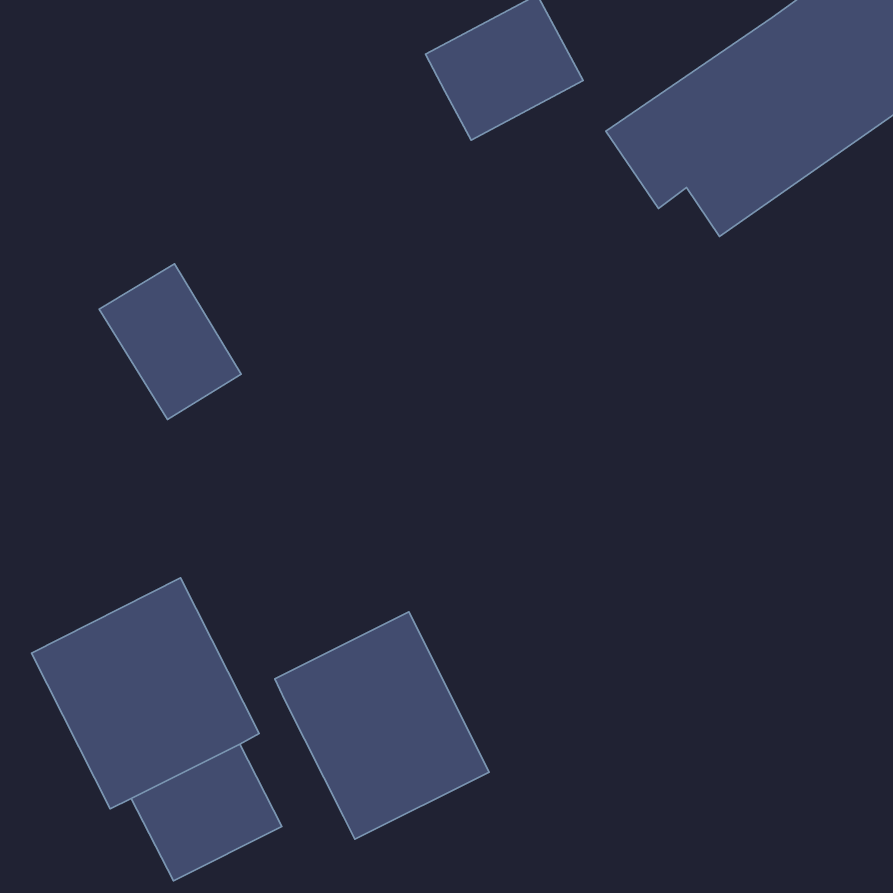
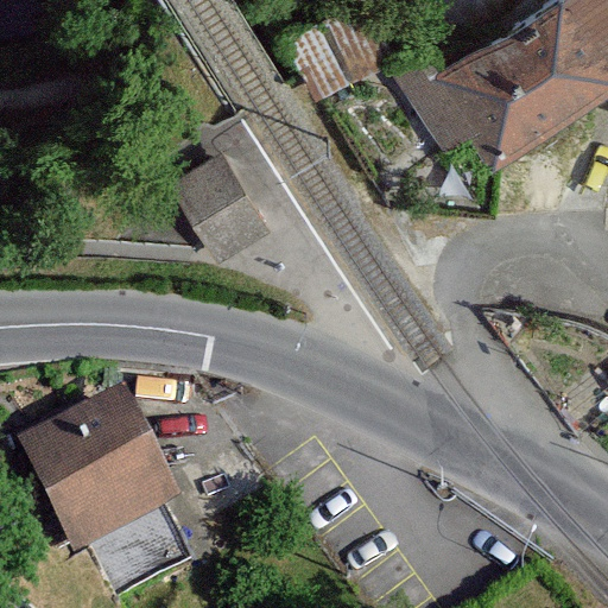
building: [99,264,241,420] -> [175,154,271,260]
building: [275,612,489,839] -> none

